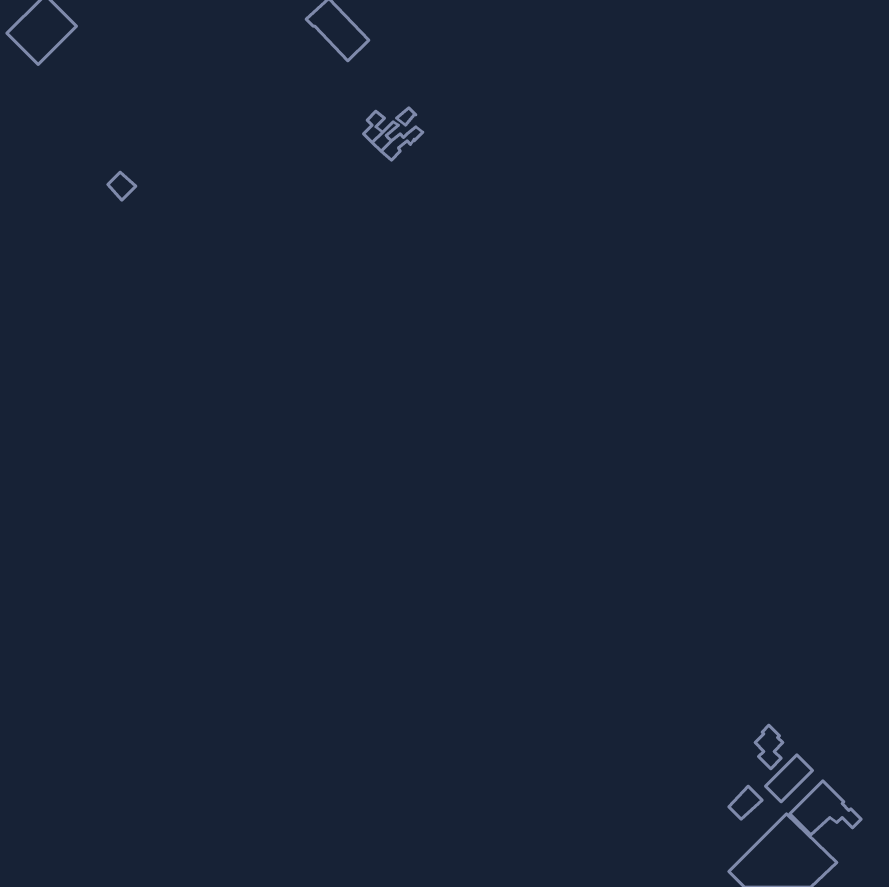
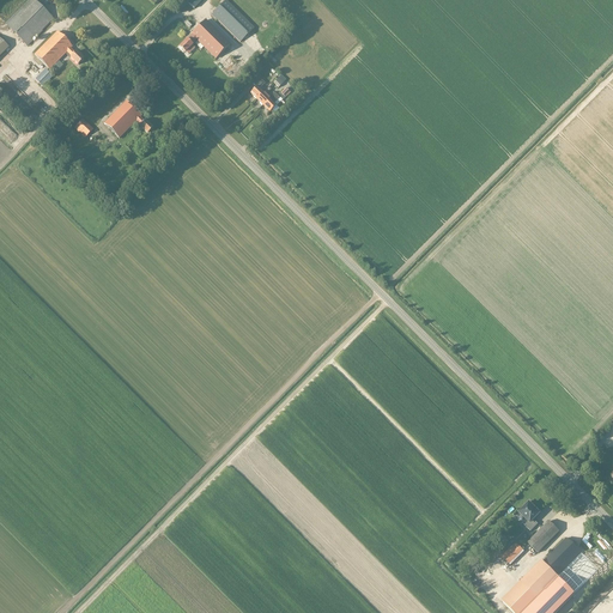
building: none -> [180,19,230,57]
building: none -> [35,31,84,69]
building: none -> [104,99,153,138]

